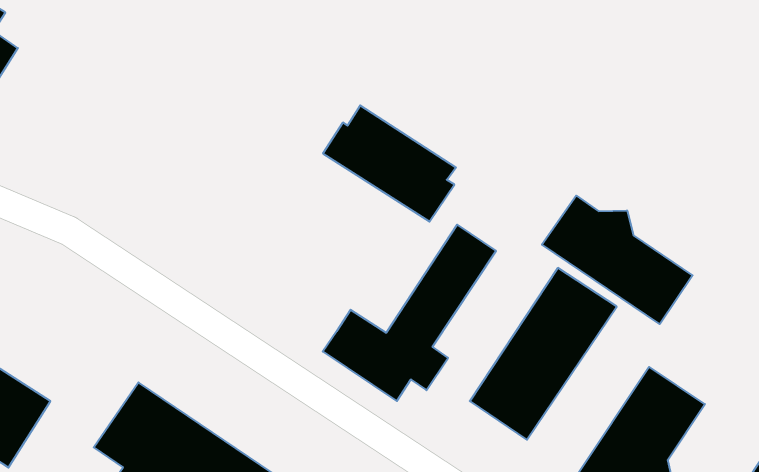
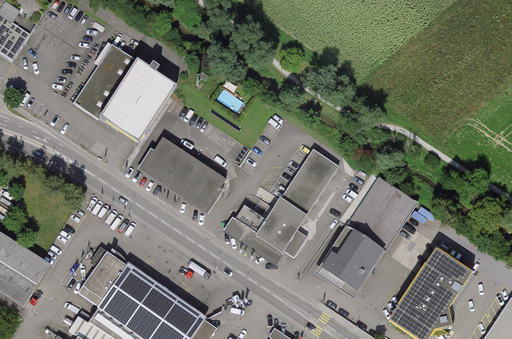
building: none -> [74,44,175,143]
building: [323,105,456,222] -> [138,138,224,213]
building: [542,196,693,324] -> none

